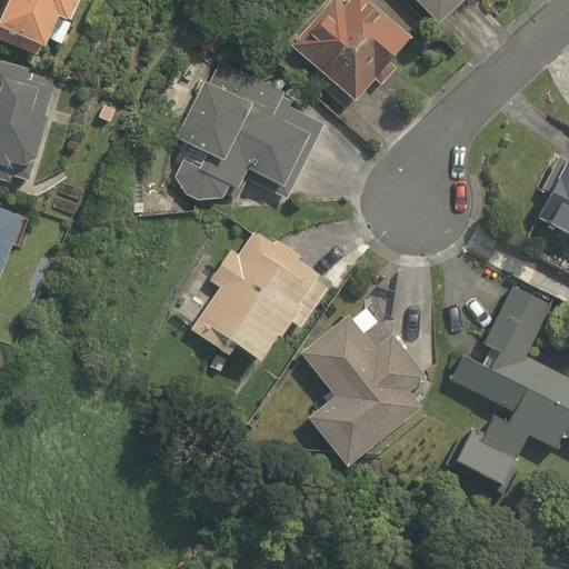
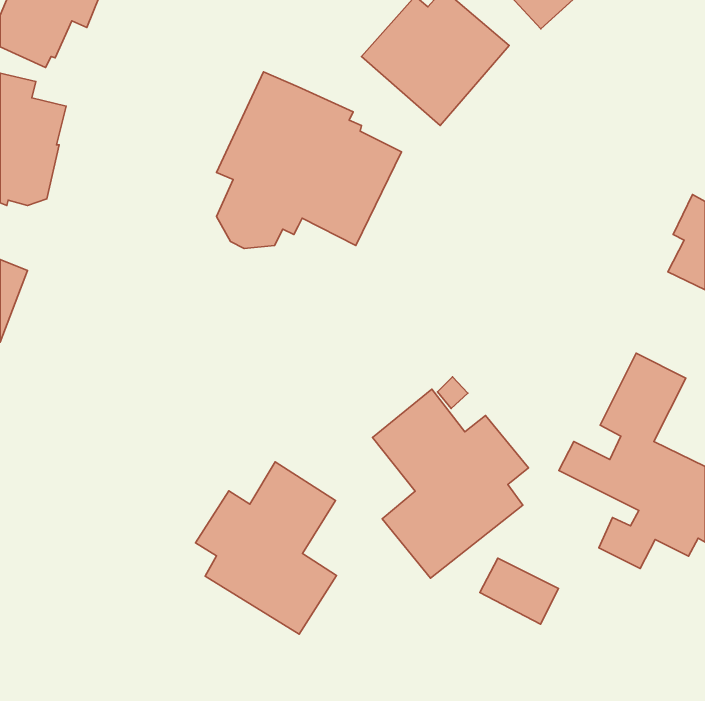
building: [191,230,318,361] -> none
building: none -> [196,462,336,634]
building: [452,435,516,488] -> [480,558,558,624]

